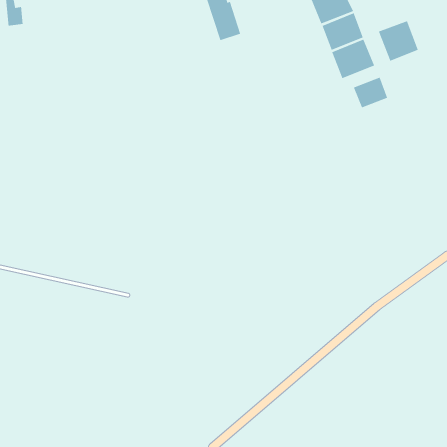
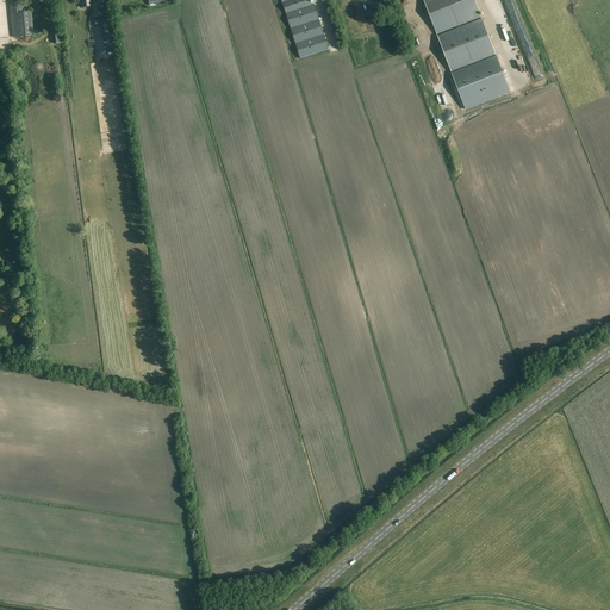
building: [378,20,419,62] -> none
building: [353,76,388,109] -> none

